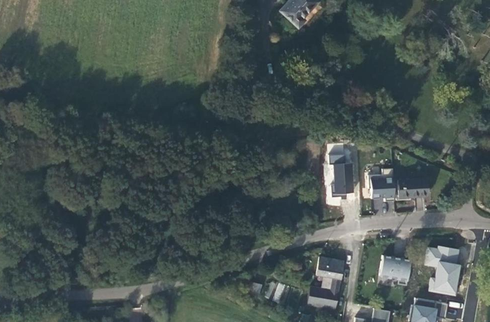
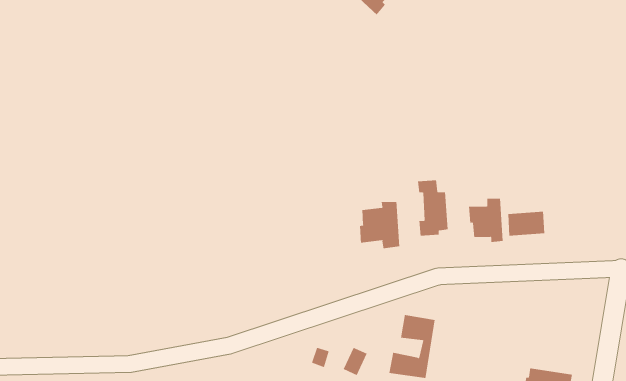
building: none -> [359,201,400,249]
building: [425,245,459,294] -> none
building: [379,255,411,285] -> none

